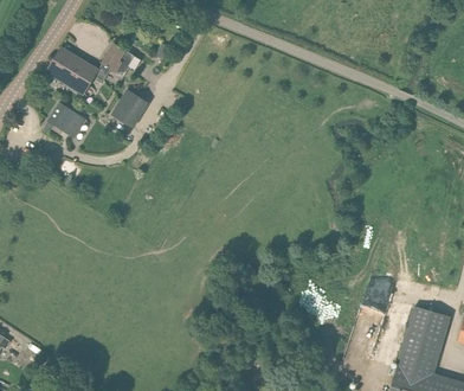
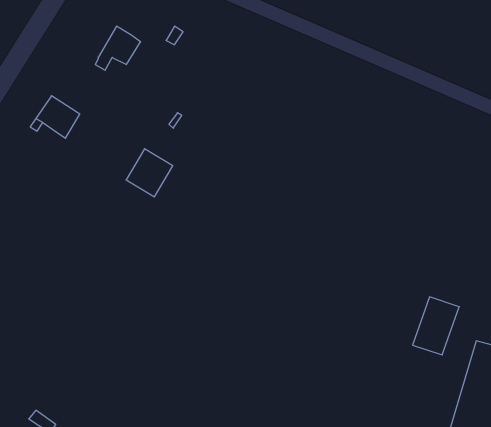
building: [45,46,98,95] -> none
building: [110,88,149,128] -> [126,149,173,197]

